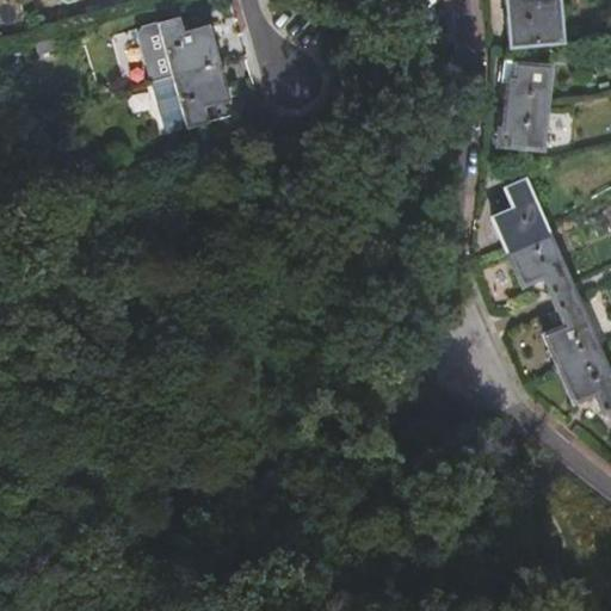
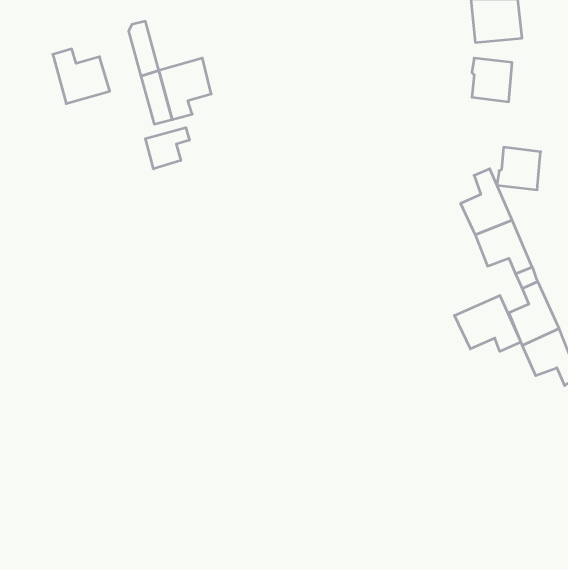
building: [159,17,220,75] -> [53,49,110,104]
building: [500,104,547,149] -> [497,147,541,190]
building: none -> [145,128,189,169]
building: none -> [454,295,521,351]

